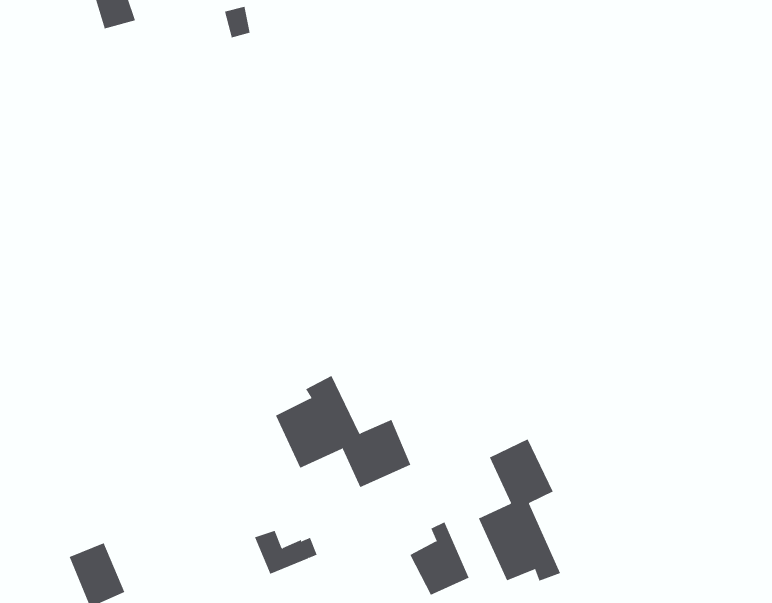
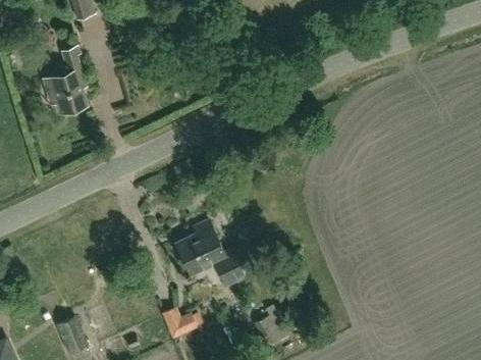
building: none -> [49,47,87,114]
building: [478,438,561,581] -> none

